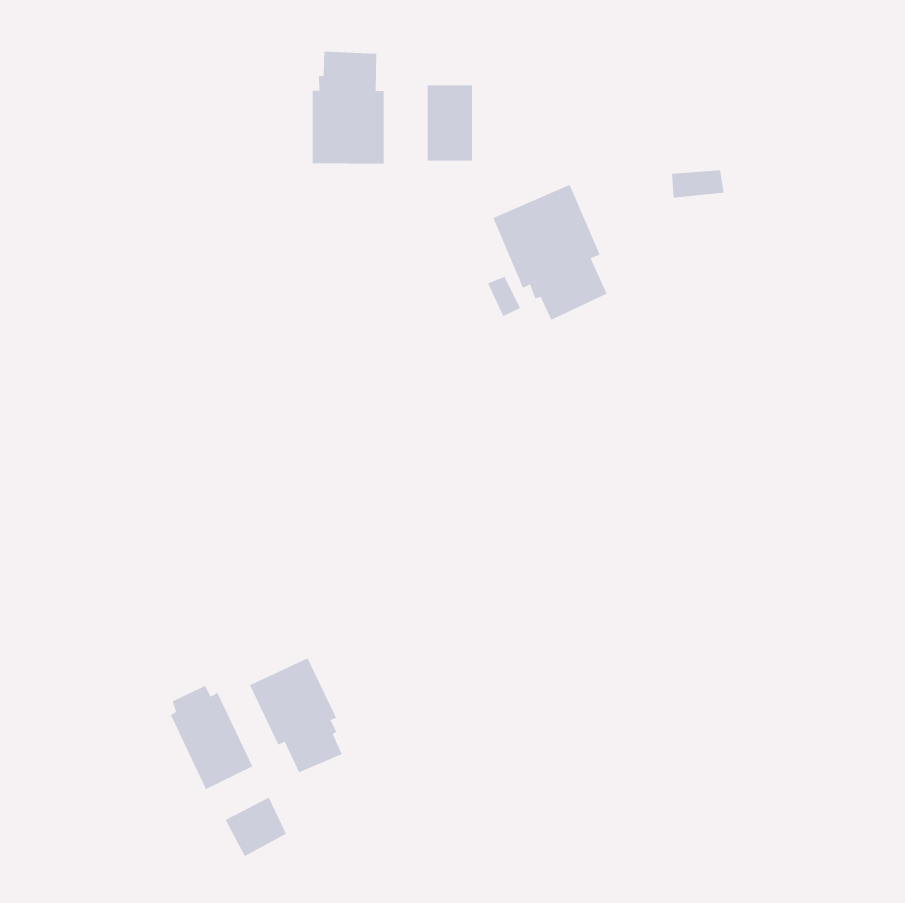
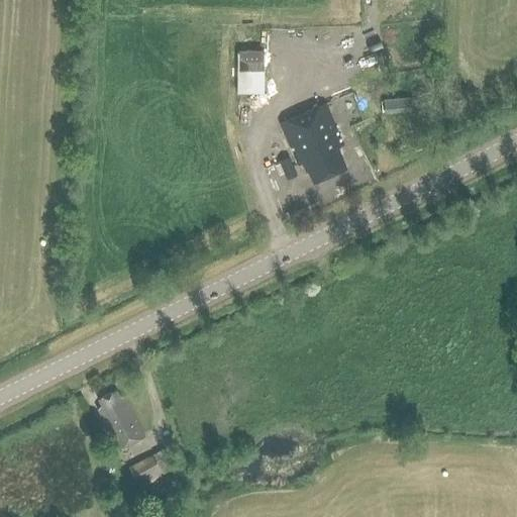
building: [312,51,384,164] -> none
building: [249,657,343,773] -> none

